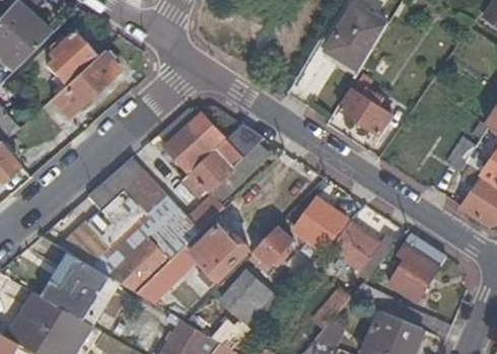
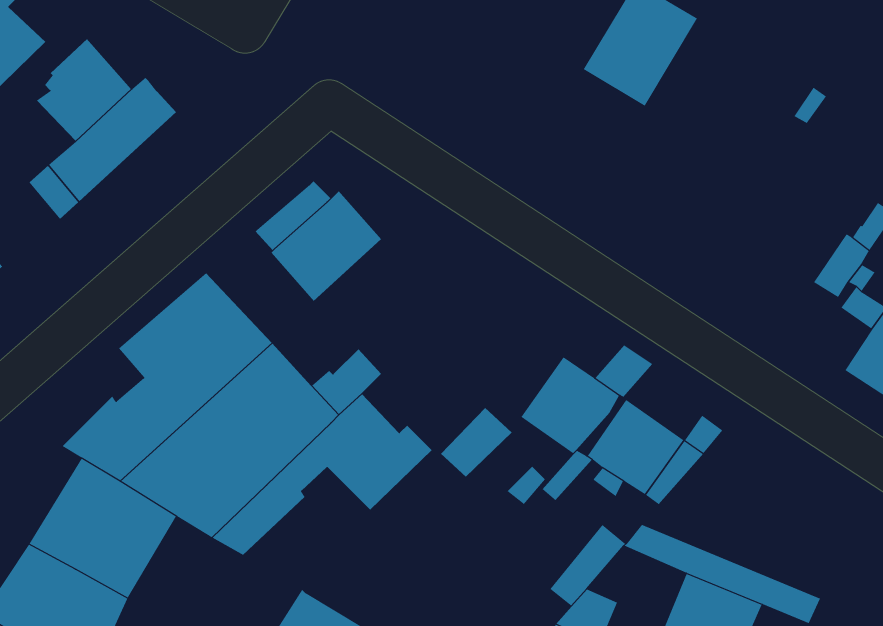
building: [340,88,393,134] -> none
building: [182,124,264,198] -> none
building: [387,234,445,302] -> none
building: [221,272,271,322] -> none

